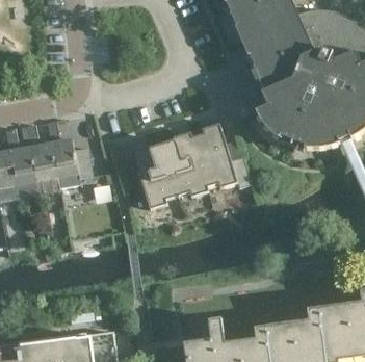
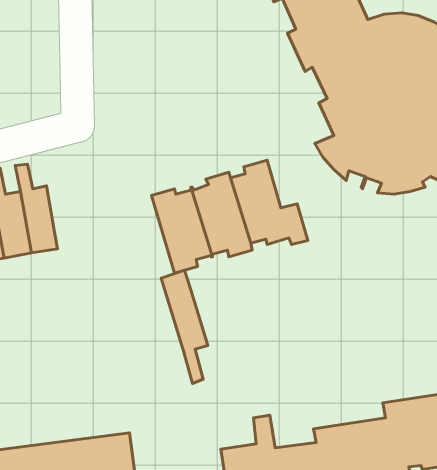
building: [45,122,89,179] -> none
building: none -> [161,270,208,384]

